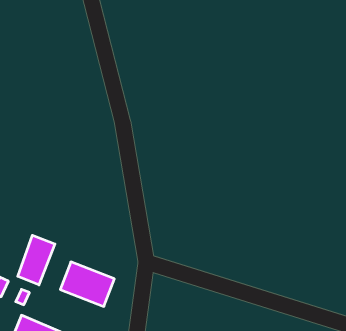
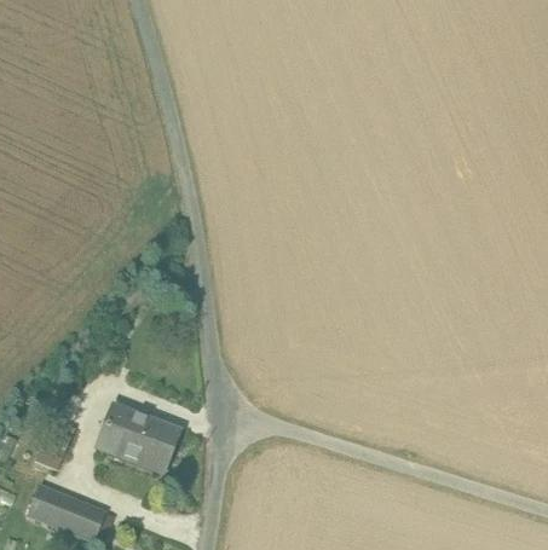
building: [18,235,55,285] -> none

